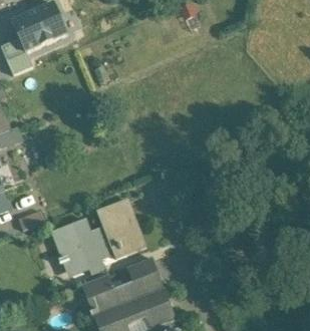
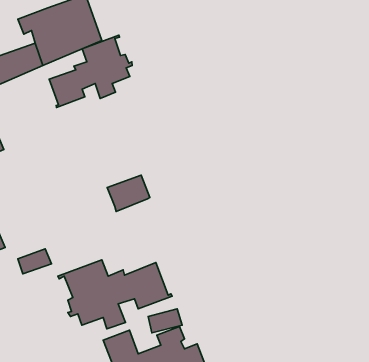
building: none -> [49,35,132,108]
building: [96,201,130,230] -> [107,175,150,211]

